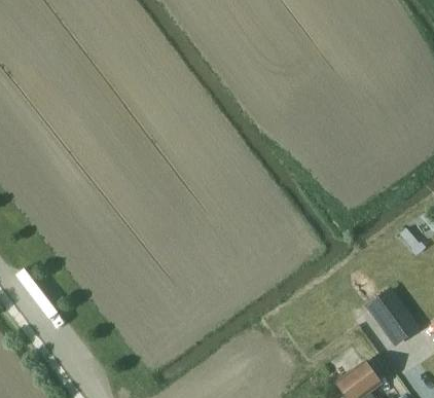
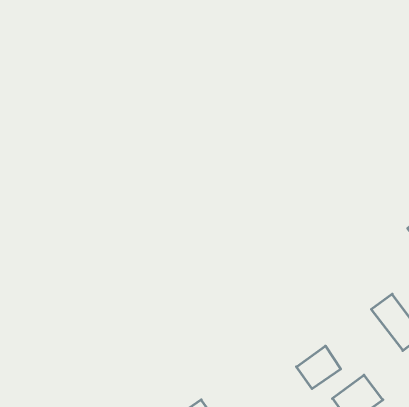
building: none -> [296,346,341,389]

